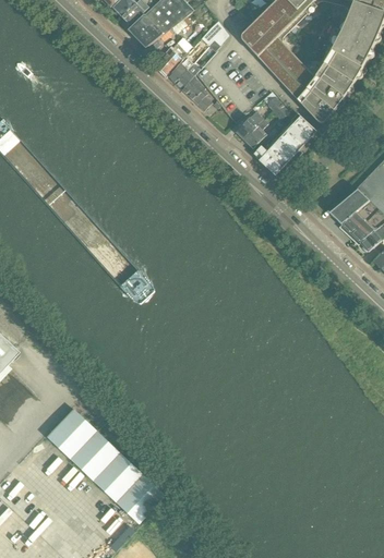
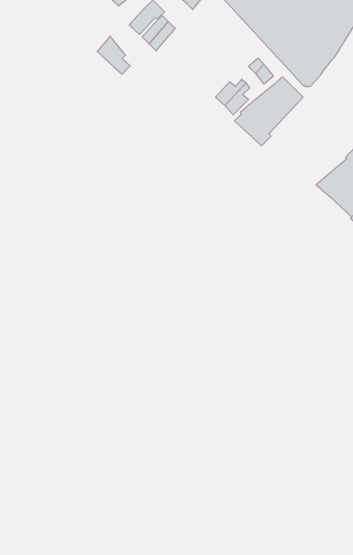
building: [182,75,213,110] -> [97,36,130,74]
building: [48,409,167,524] -> none

